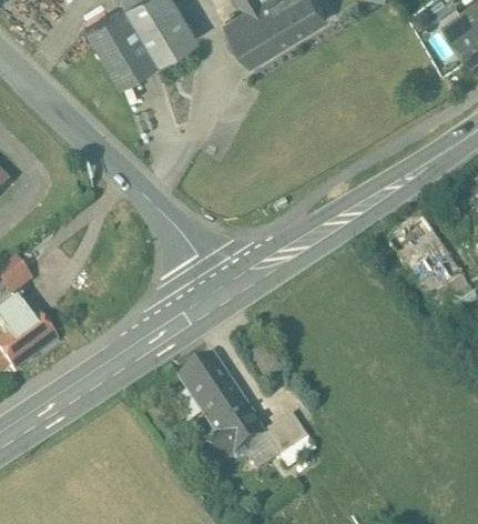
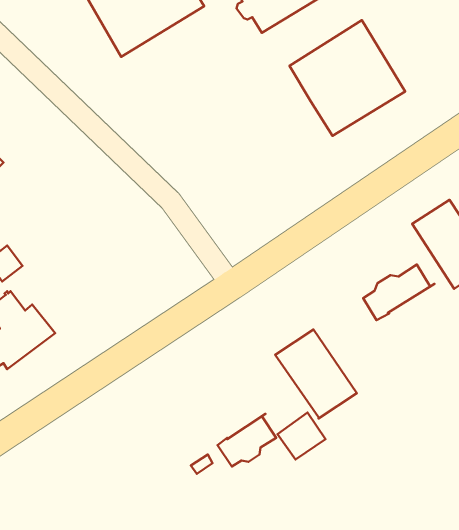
building: none -> [290,20,405,136]
building: none -> [363,264,434,320]
building: [177,355,253,437] -> [275,329,357,418]

